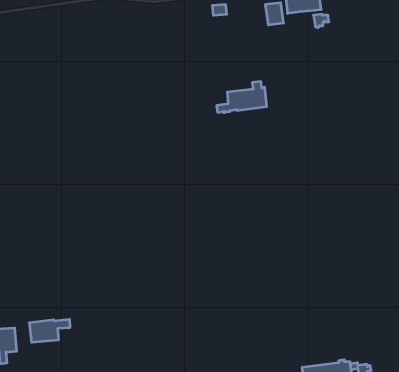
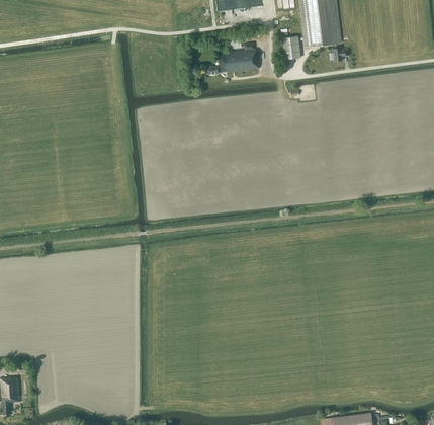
building: [217,82,267,112] -> [207,42,260,75]
building: [29,319,70,342] -> none

